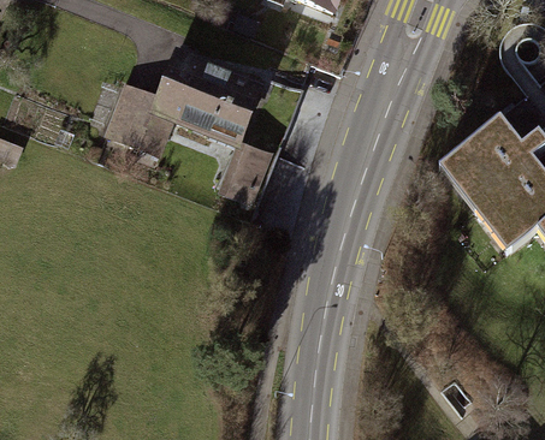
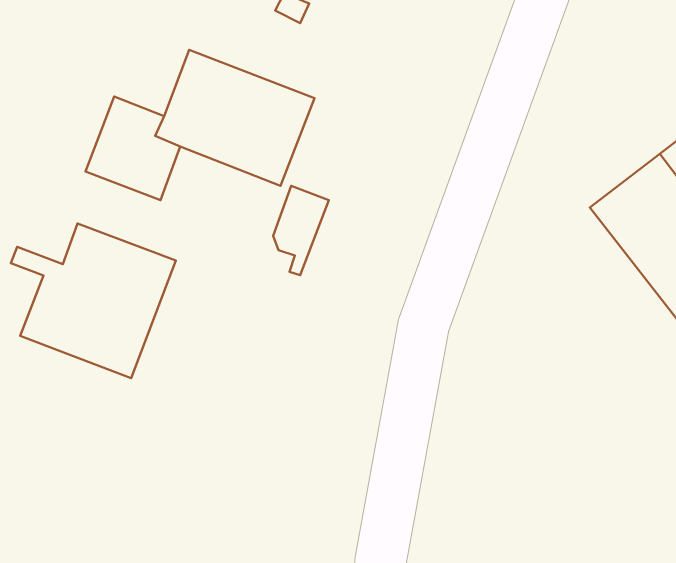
building: none -> [11,224,176,378]

